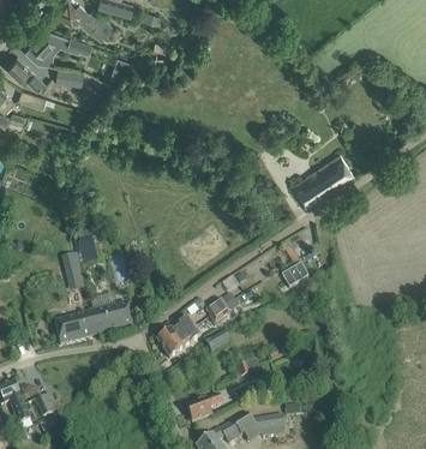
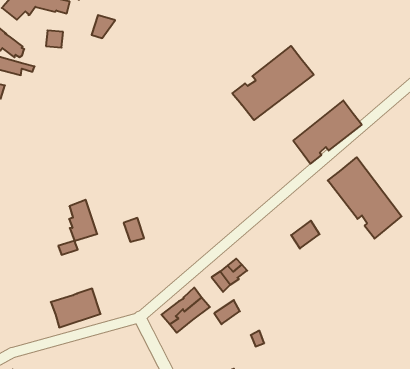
building: none -> [232,46,314,120]
building: none -> [328,157,402,239]
building: [94,301,133,334] -> none

